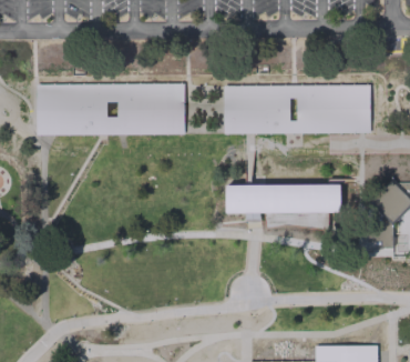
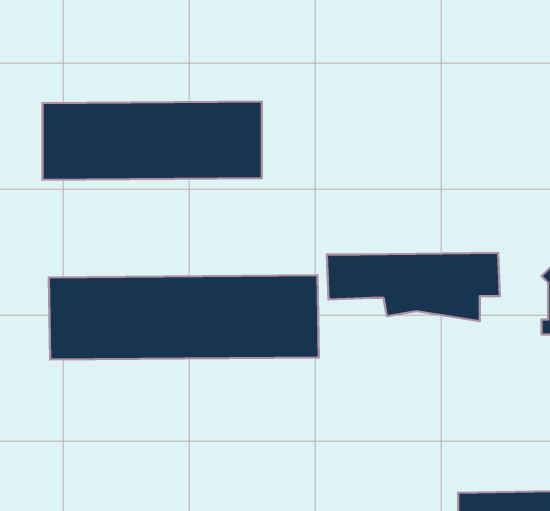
building: [224,84,370,134] -> none
building: none -> [49,275,319,360]

